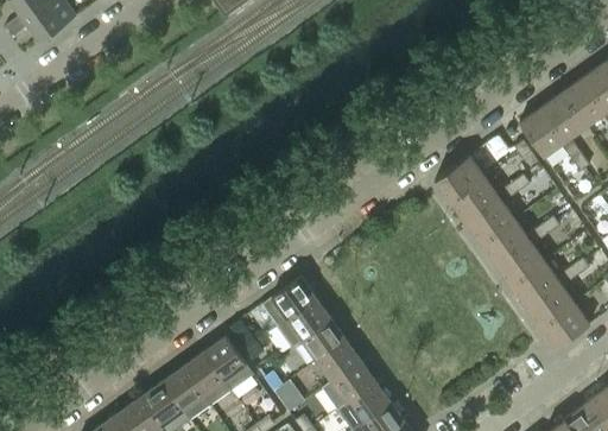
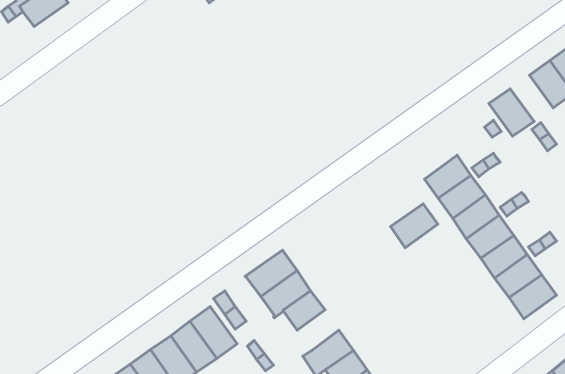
building: [542,93,587,141] -> none
building: [436,156,486,202] -> [390,204,438,248]
building: [317,340,361,382] -> none

